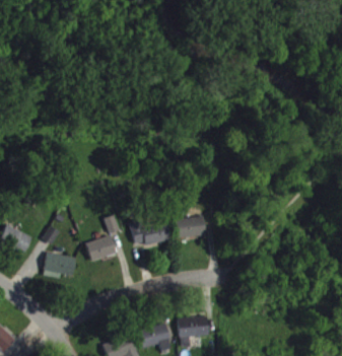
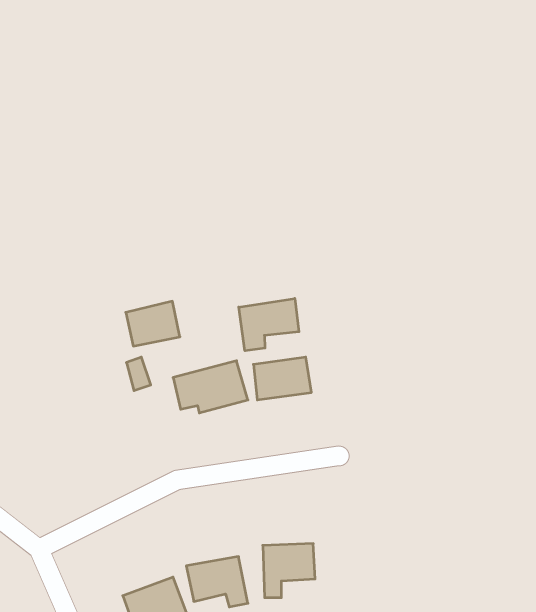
building: none -> [239,298,299,351]
building: [86,235,116,260] -> [126,301,180,346]
building: [44,253,75,278] -> none

